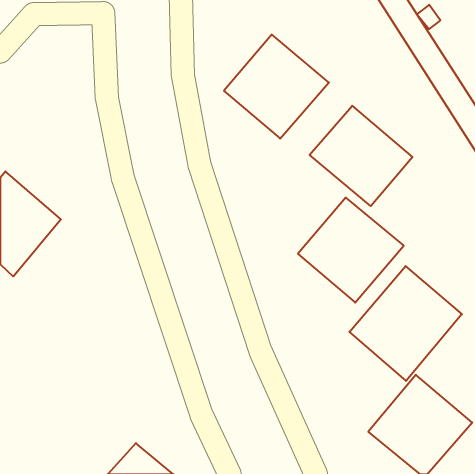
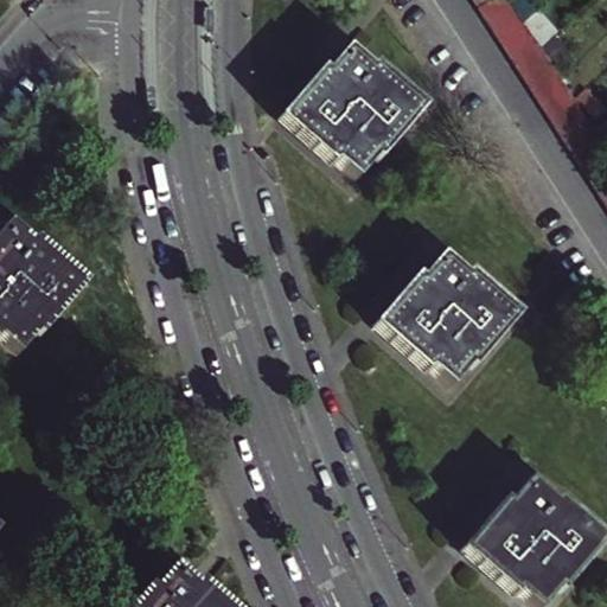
building: [310,106,412,206] -> none
building: [349,266,462,381] -> none

